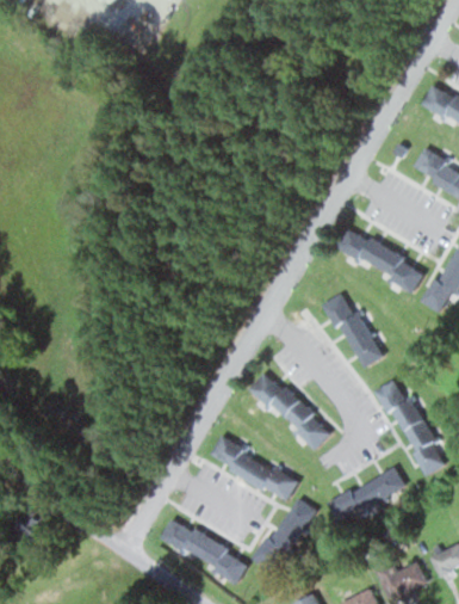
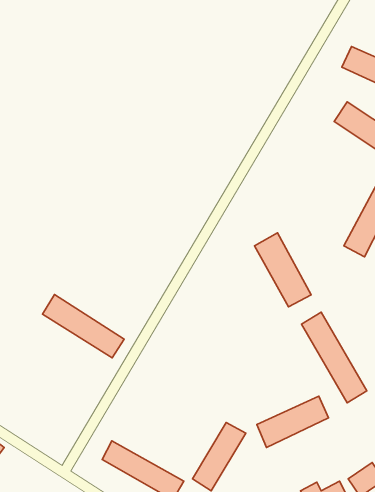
building: [339,230,426,291] -> none
building: [248,375,333,449] -> none
building: [210,434,299,504] -> [42,295,124,358]

